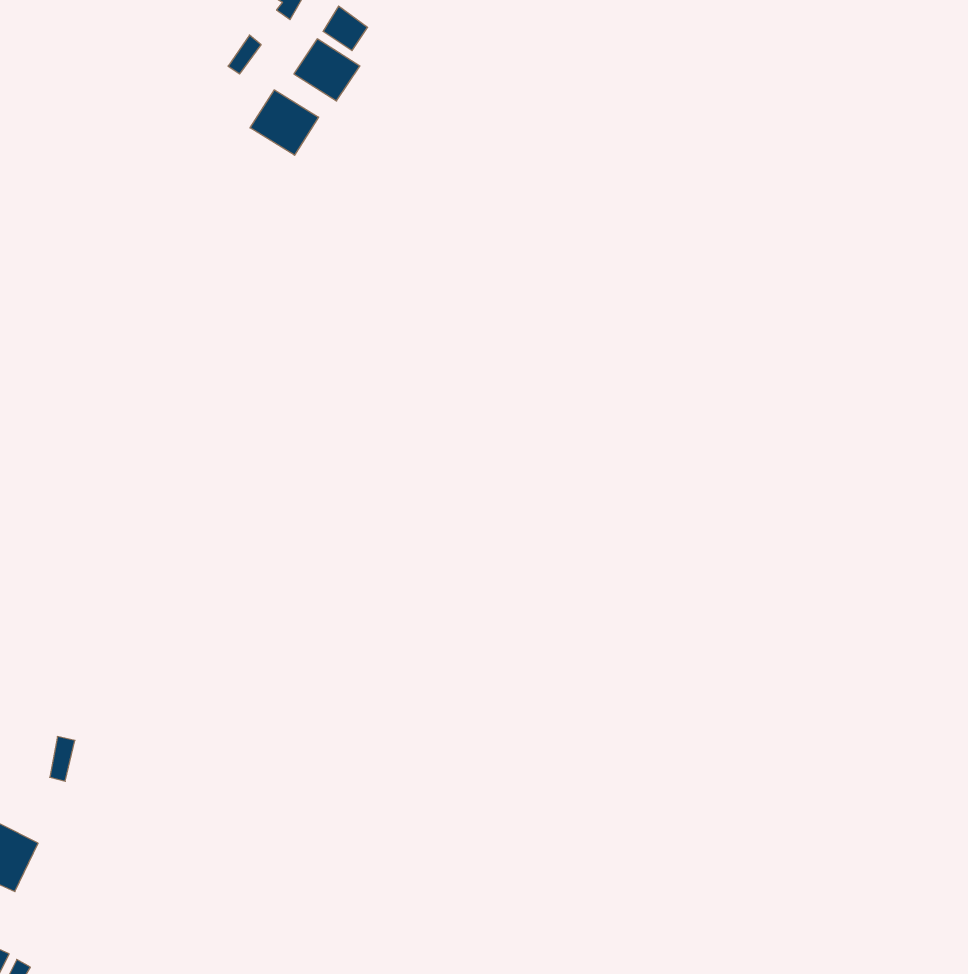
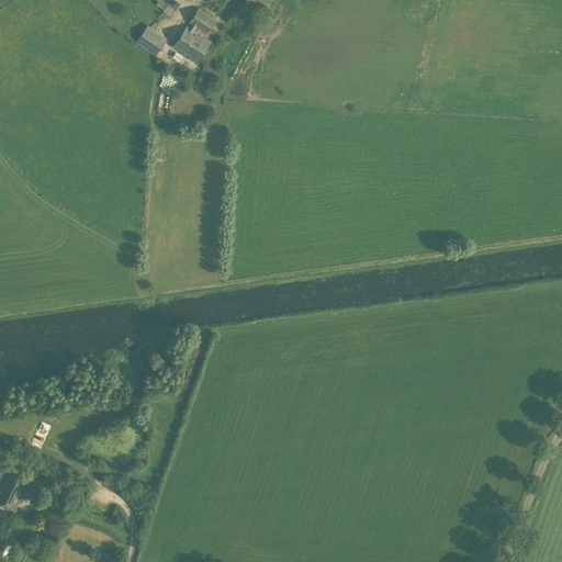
building: [250,90,319,155] -> none

